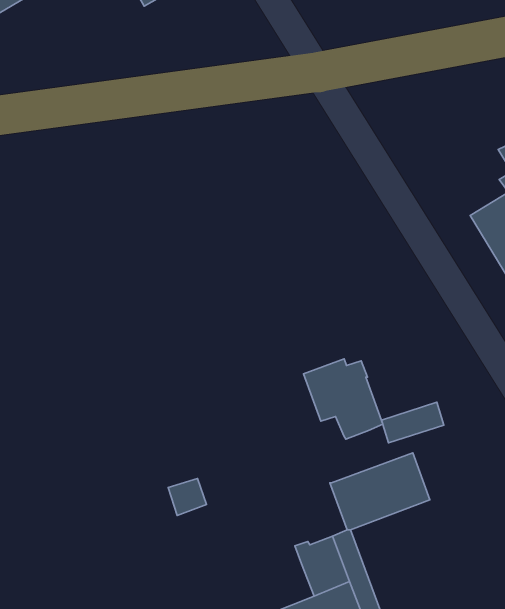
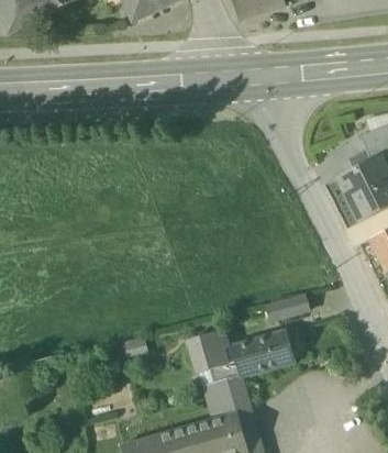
building: [304,359,383,439] -> [190,331,240,384]

